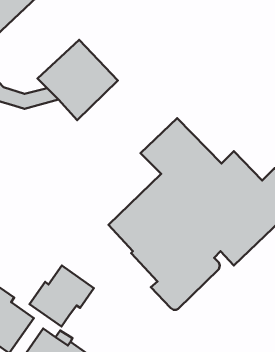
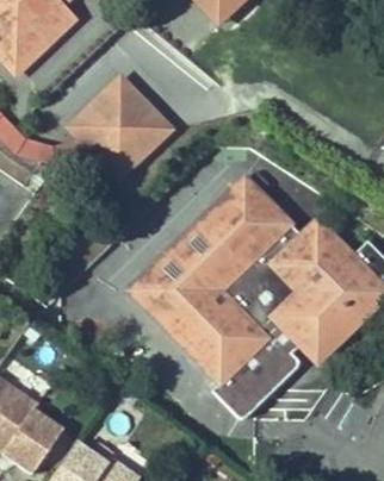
building: none -> [129,220,225,346]
building: [30,266,94,327] -> none

